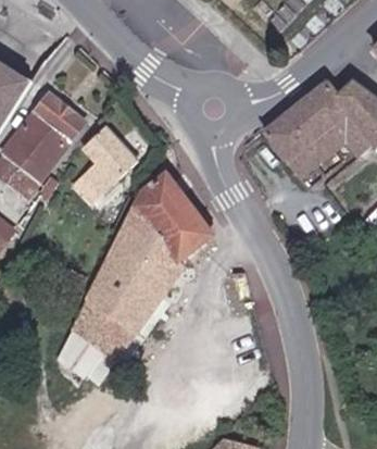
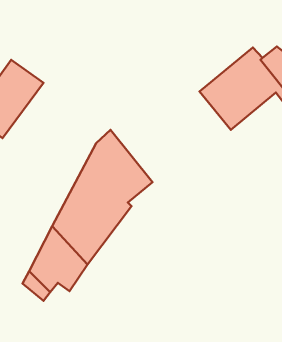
building: [71,128,131,201] -> none

